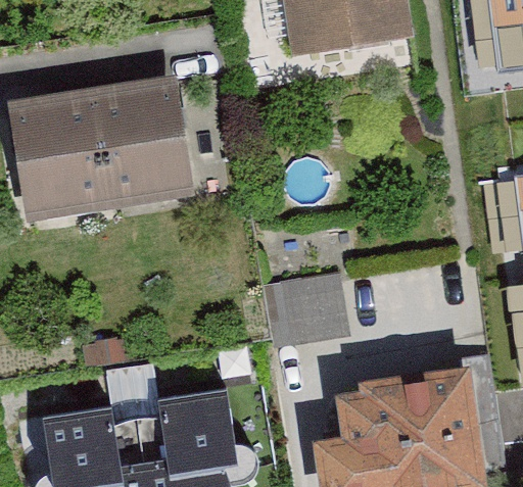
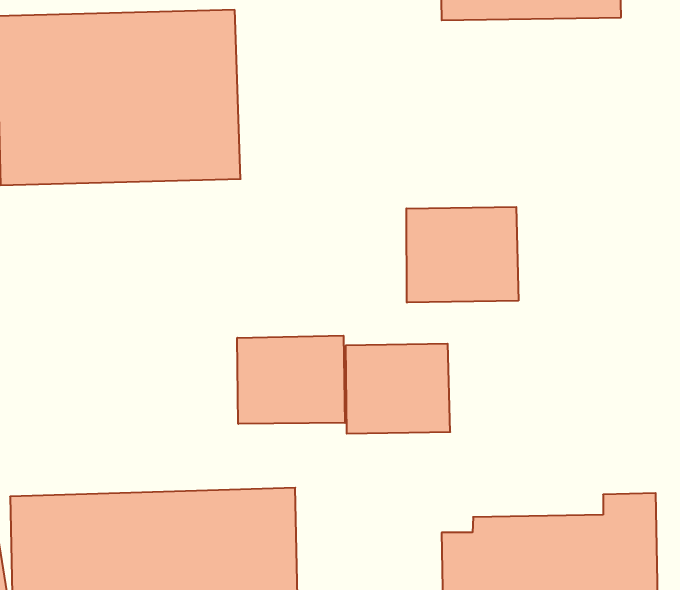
building: none -> [406,207,518,303]
building: none -> [237,336,345,424]

